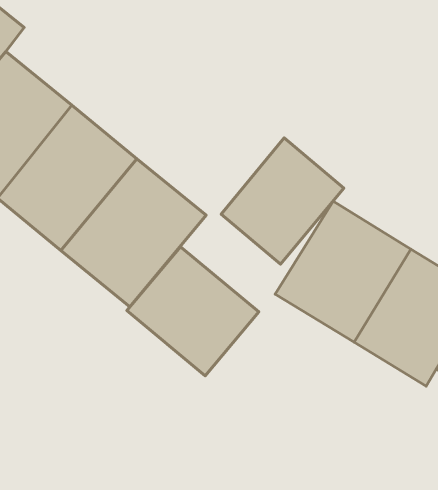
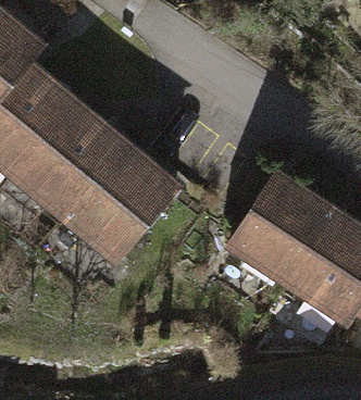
building: [221,138,344,264] -> none
building: [127,247,259,376] -> none

